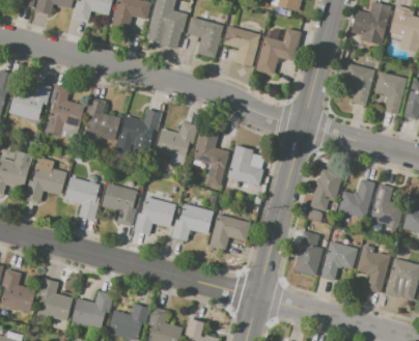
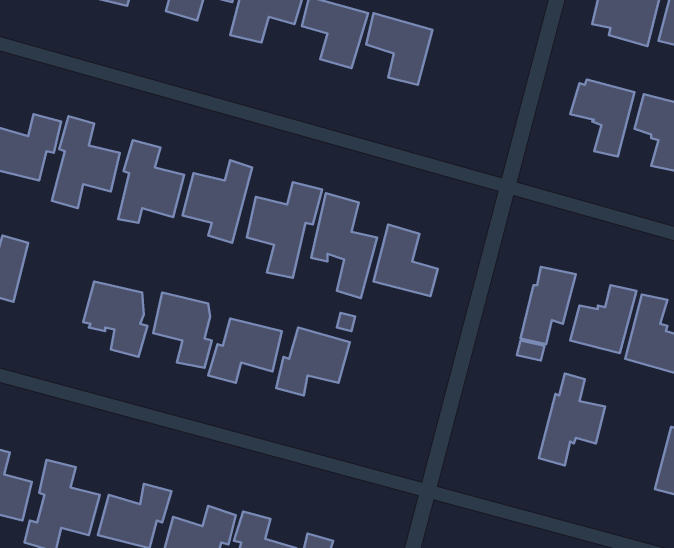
building: [255,28,301,75] -> none
building: [25,158,66,202] -> none
building: [210,215,251,250] -> none
building: [296,231,323,276] -> none
building: [357,245,391,293] -> none

